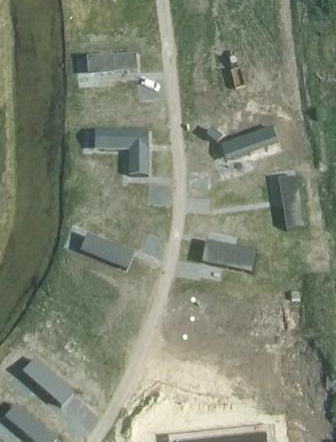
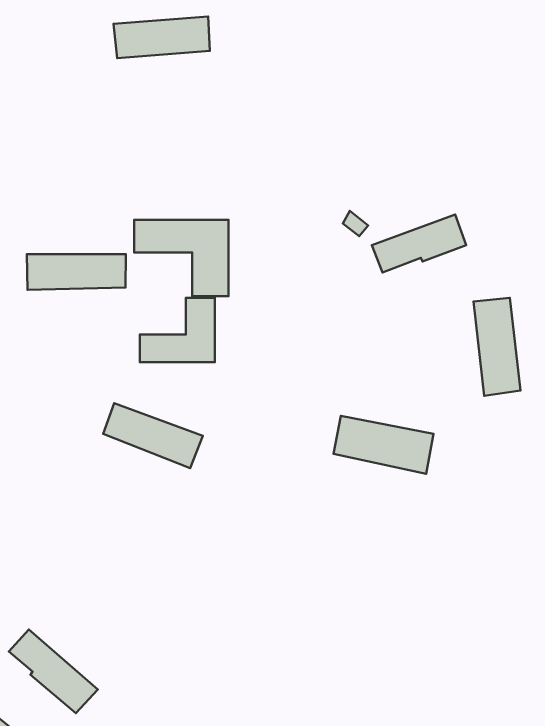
building: [82,51,135,74] -> [114,16,210,58]
building: none -> [27,254,126,290]
building: none -> [140,298,215,362]

